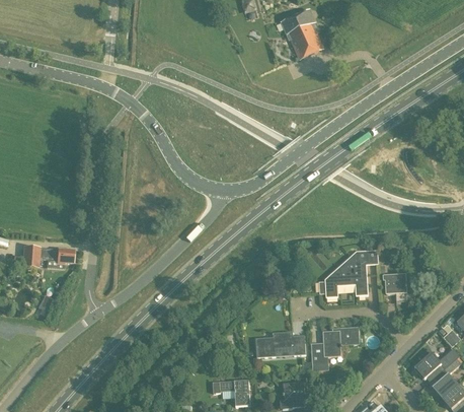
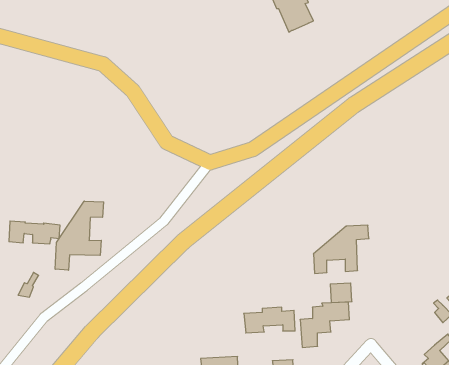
building: none -> [55,201,104,270]
building: [385,274,406,293] -> [330,283,352,303]
building: [414,352,444,377] -> none

